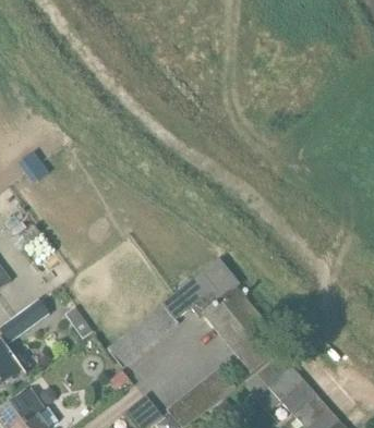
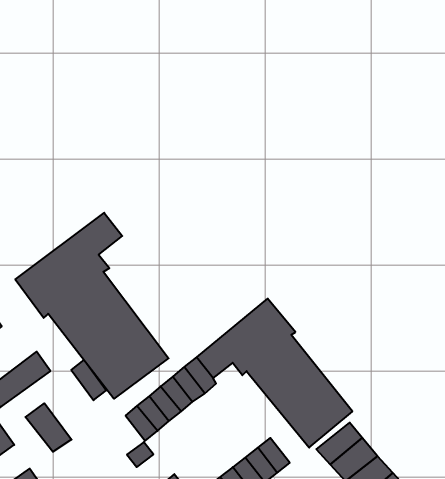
building: none -> [15,213,169,399]
building: none -> [25,403,72,452]

